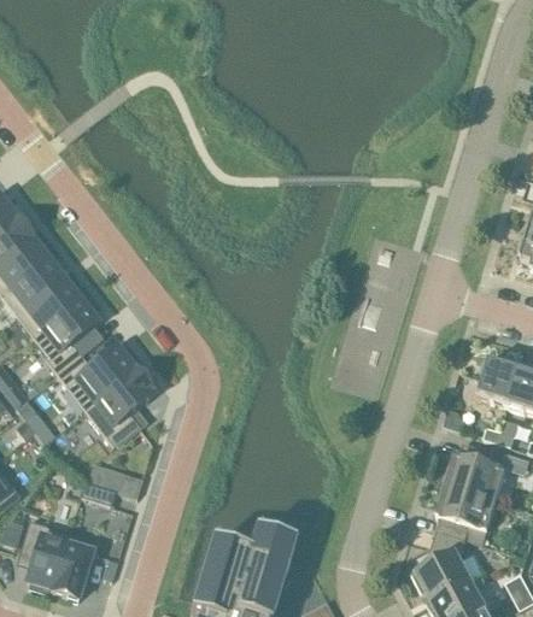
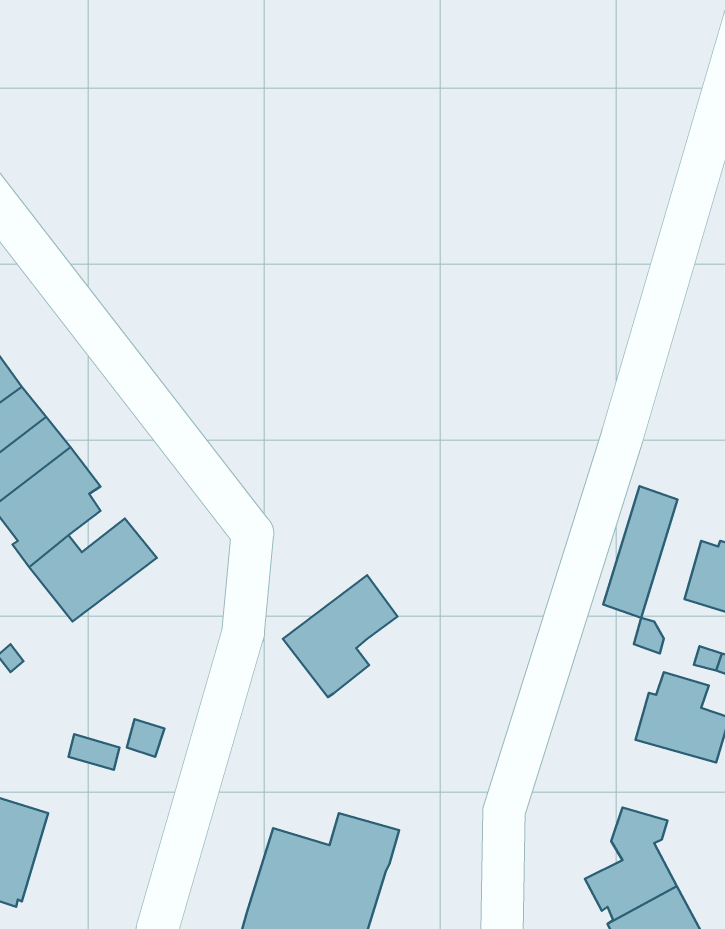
building: none -> [603,486,678,618]
building: [83,368,157,446] -> [283,575,397,697]
building: [435,484,497,542] -> none
building: [49,531,92,598] -> none

